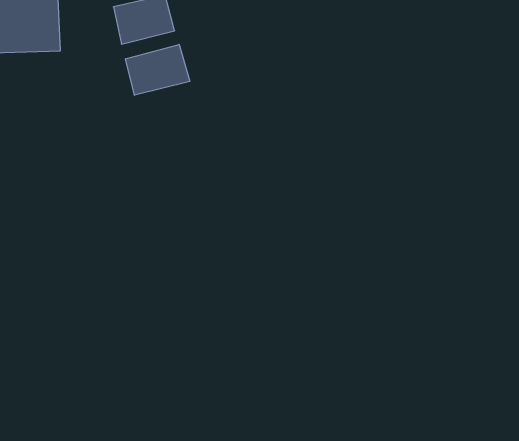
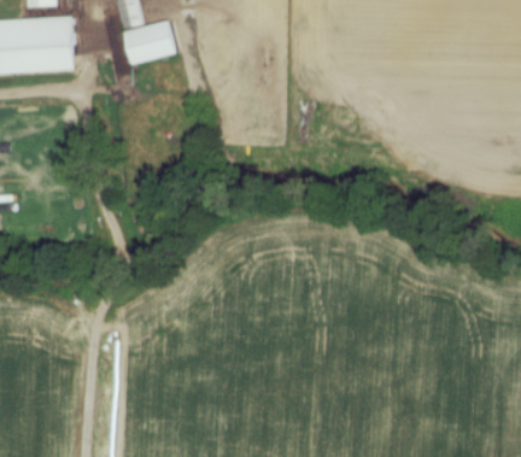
building: [126,44,190,95] -> none

